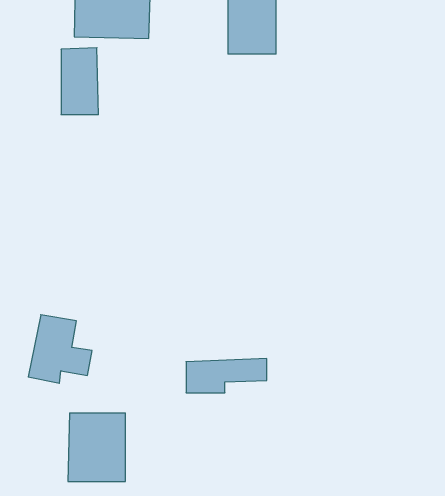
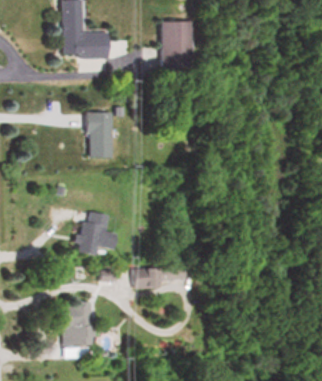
building: [61,48,98,115] -> [88,114,112,157]
building: [28,315,92,383] -> [77,211,118,255]

